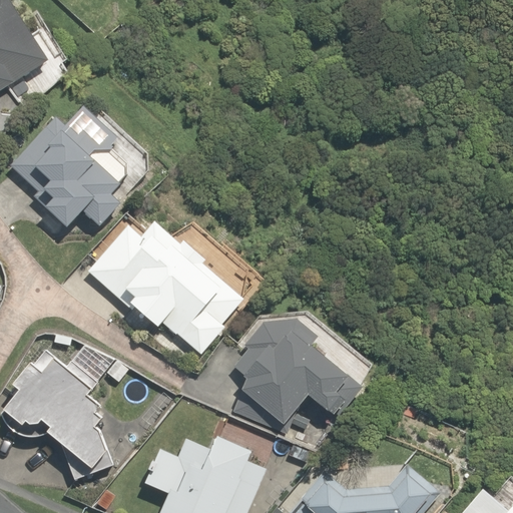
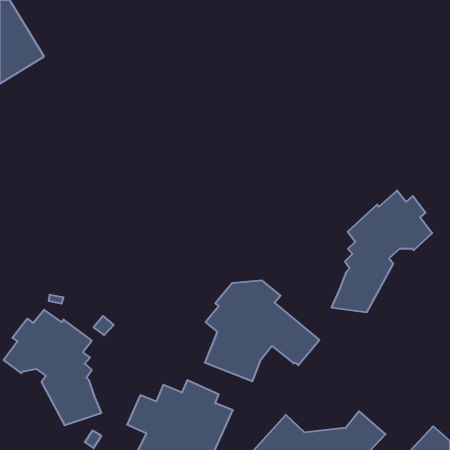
building: [10,105,120,227] -> none
building: none -> [332,190,432,312]
building: [88,221,243,353] -> none

